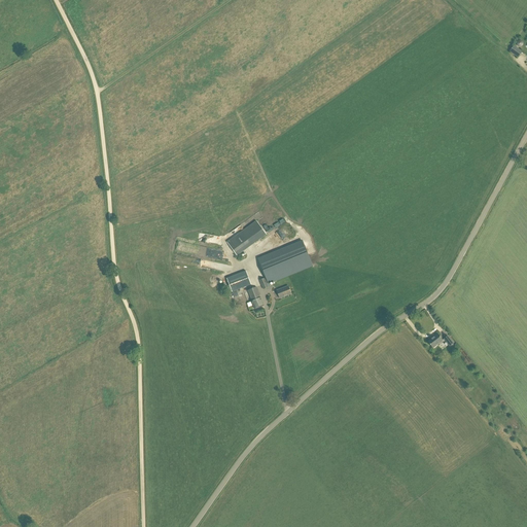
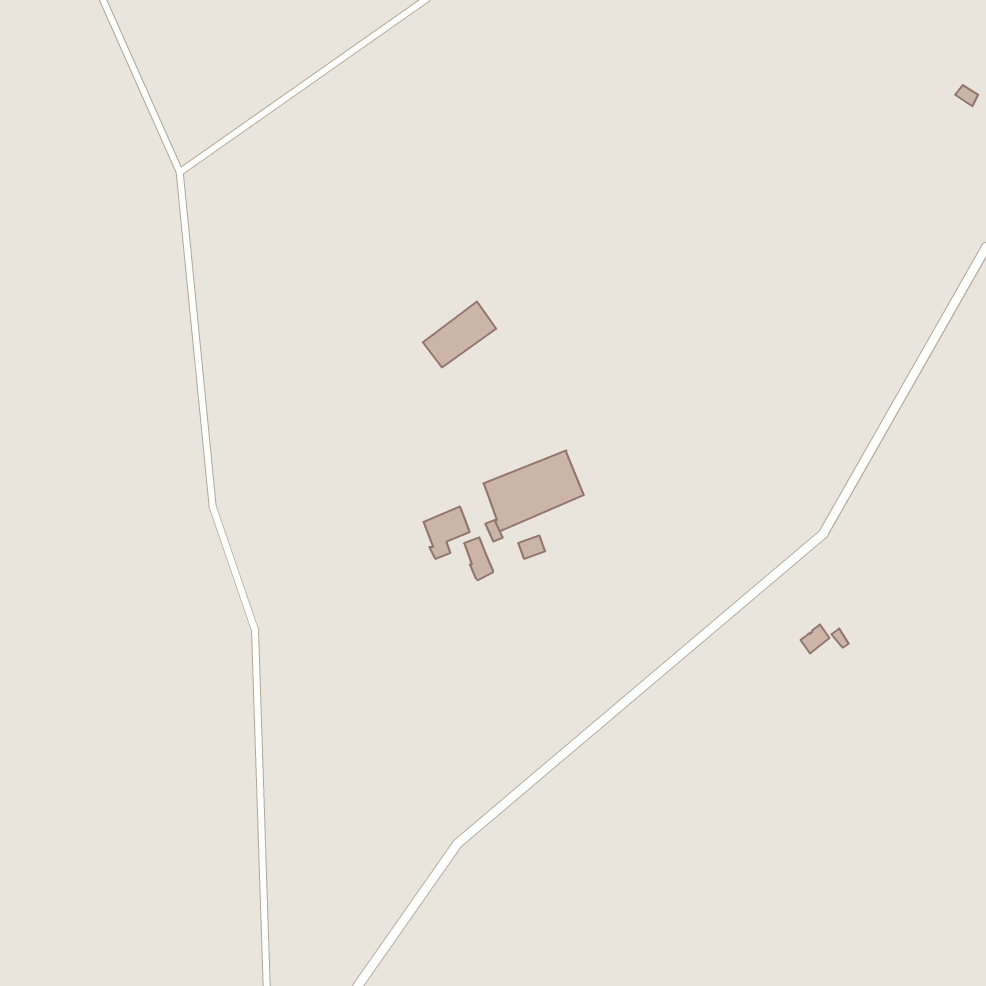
building: [226,220,266,255] -> [423,302,496,367]

